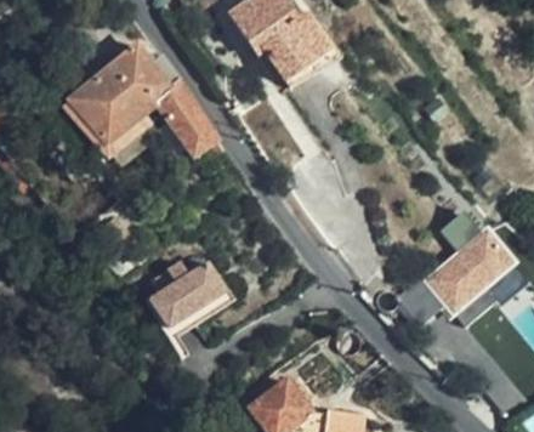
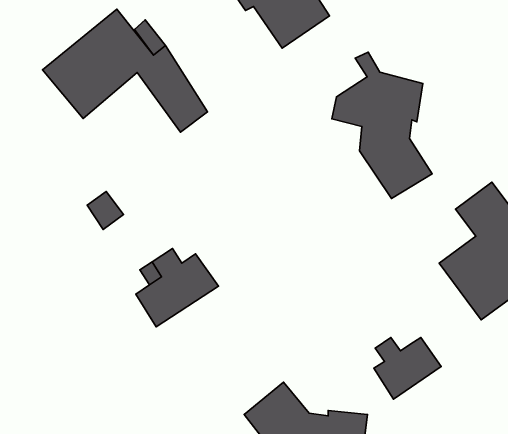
building: none -> [332,52,432,198]
building: none -> [374,338,441,399]

